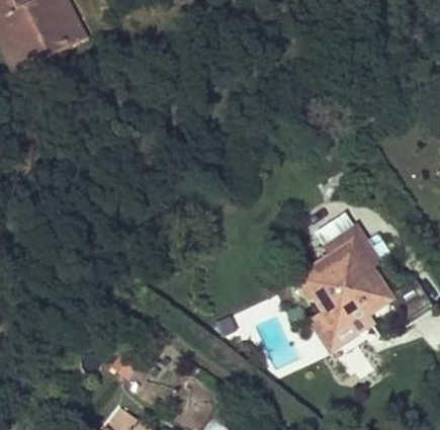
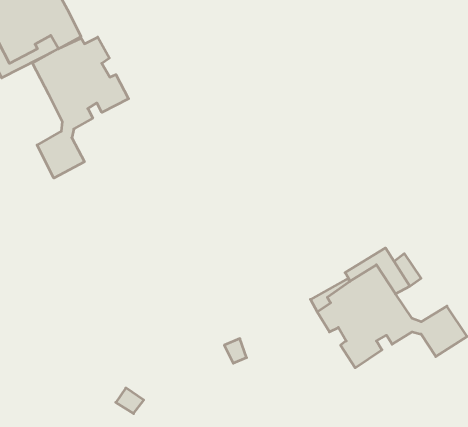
building: none -> [33,37,129,178]
building: [314,307,372,349] -> none

